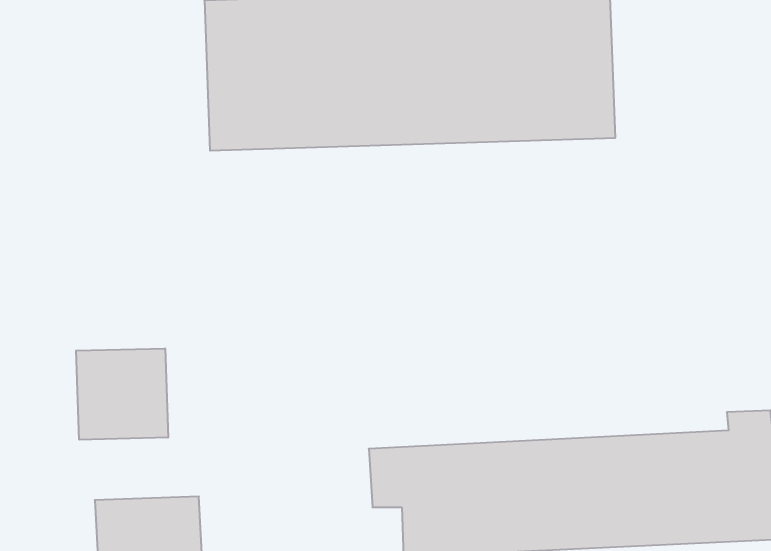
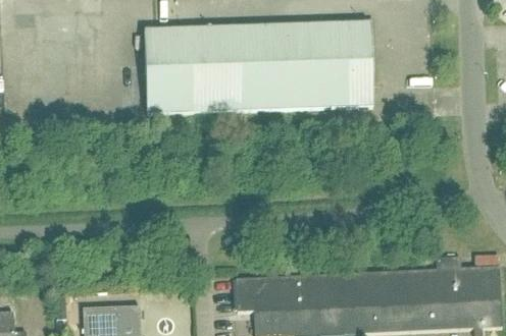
building: [76,348,168,440] -> none

